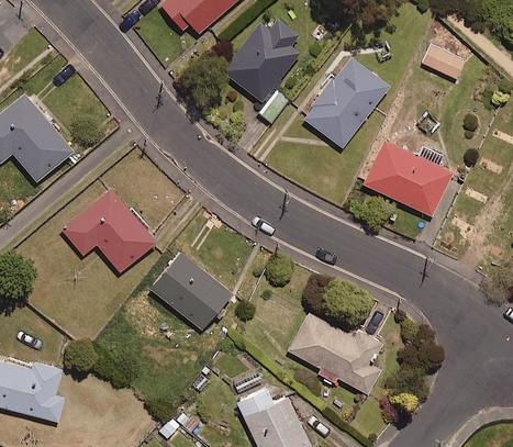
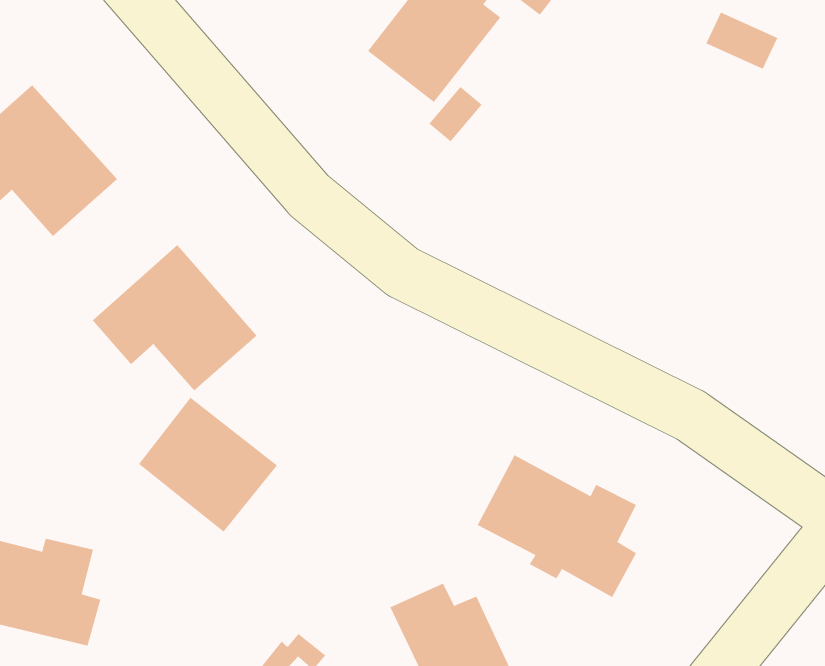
building: [300,52,392,149] -> none
building: [363,137,454,216] -> none
building: [149,249,232,329] -> [138,397,278,533]

